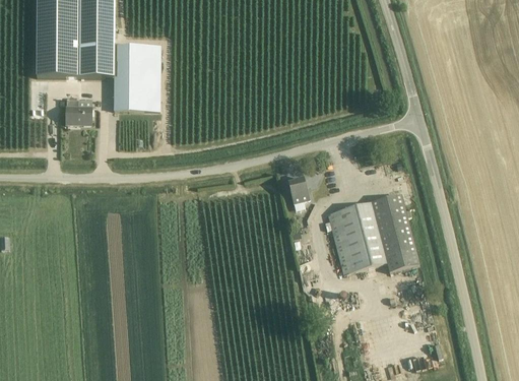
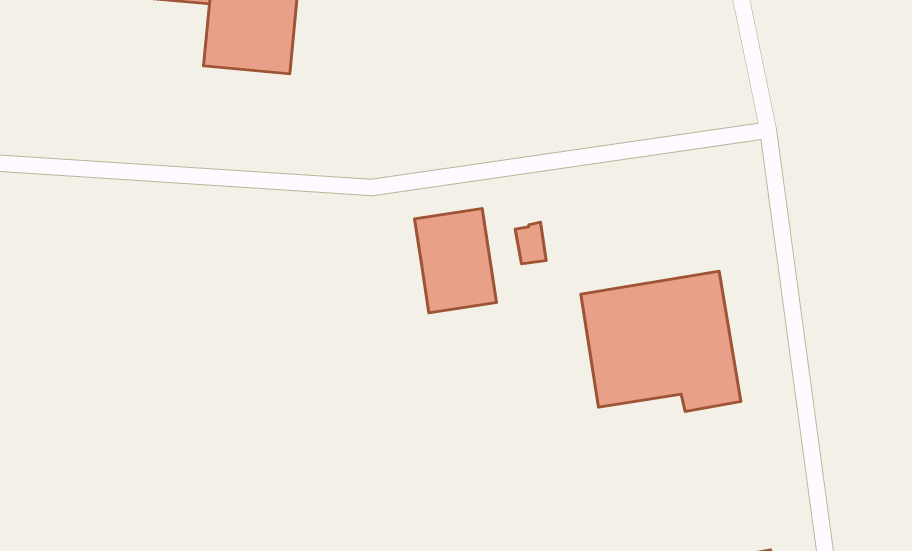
building: [65,98,91,123] -> none
building: none -> [415,209,497,313]

